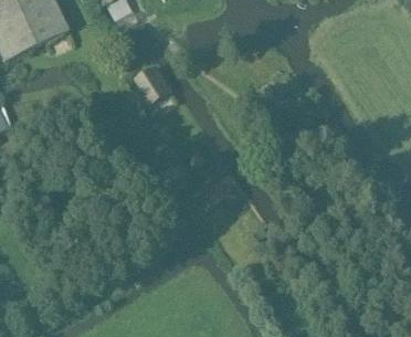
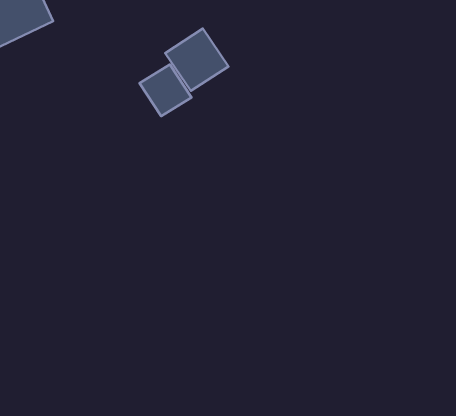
building: none -> [165,29,228,91]

